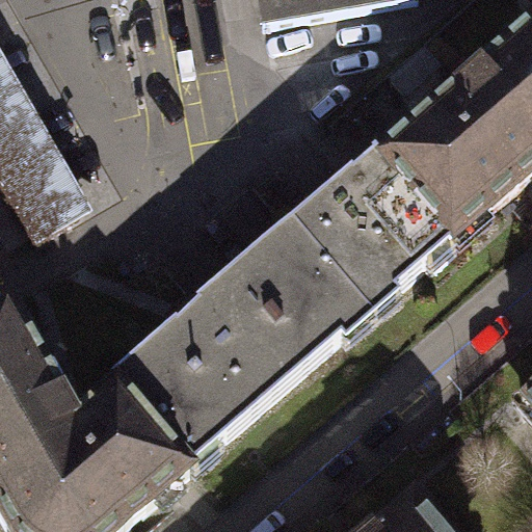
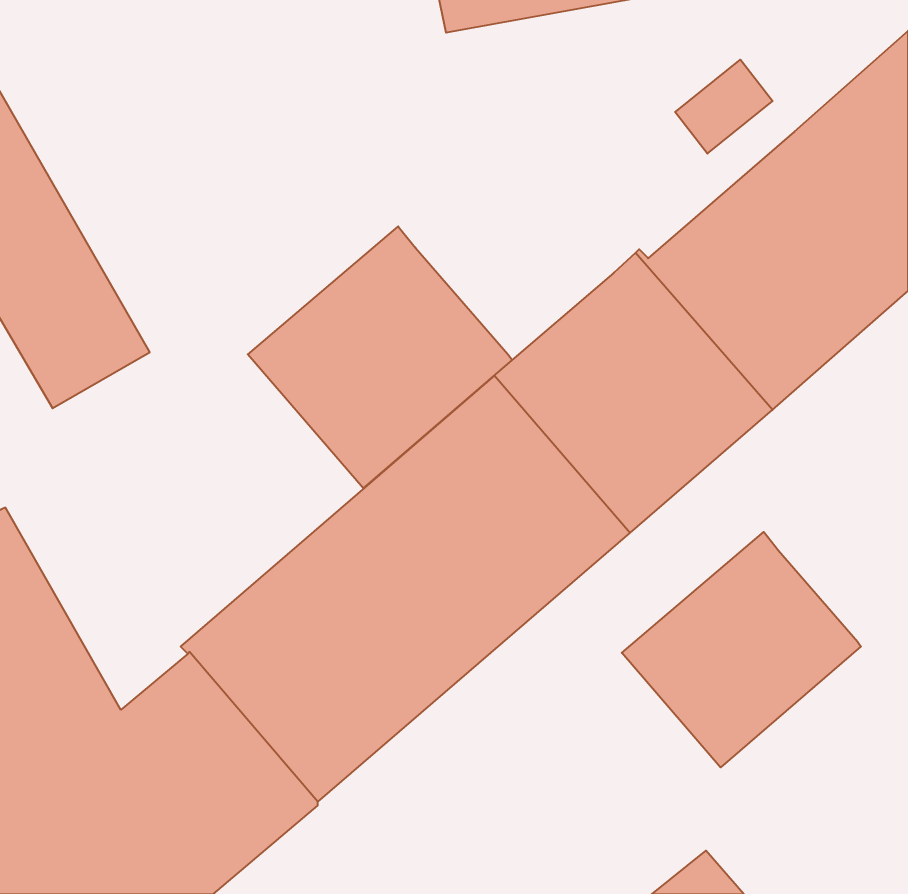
building: none -> [248,226,512,488]
building: none -> [622,532,861,767]

